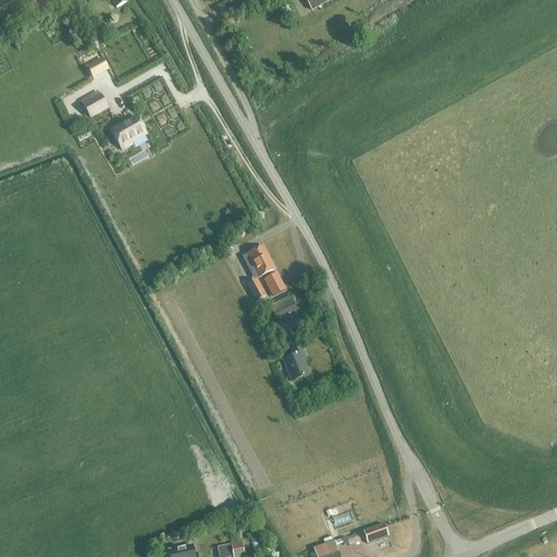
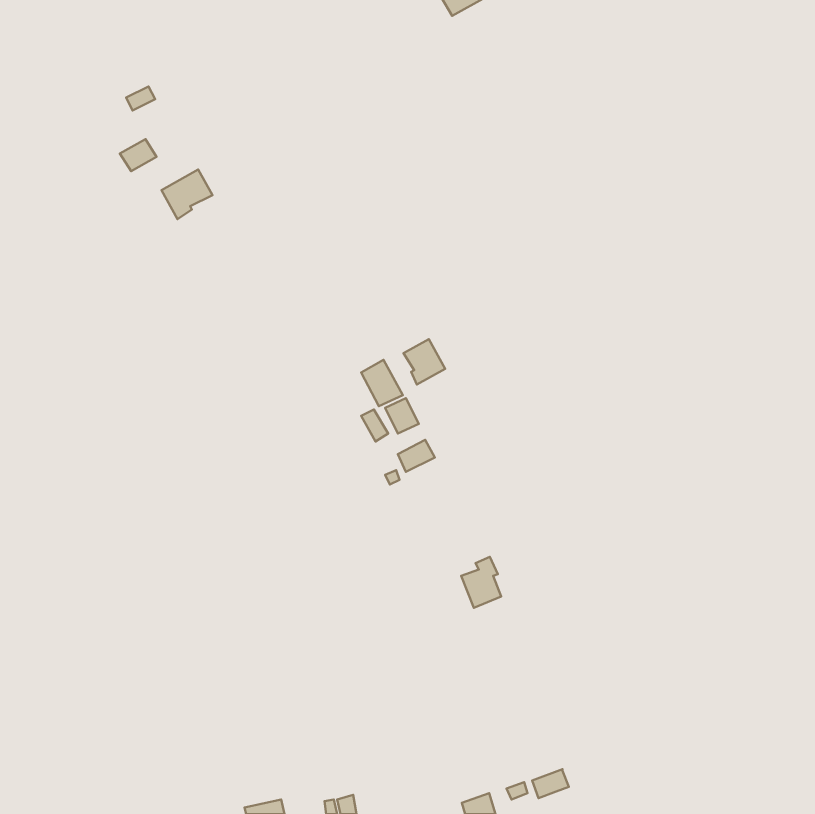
building: none -> [404,339,445,385]
building: [281,346,308,381] -> [461,557,501,608]

